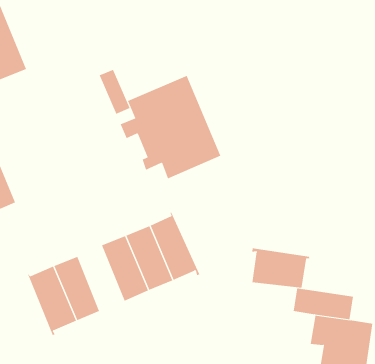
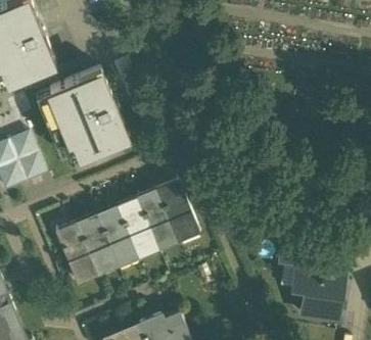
building: [120,75,221,179] -> [43,69,128,156]
building: none -> [98,208,137,263]
building: [252,248,310,289] -> none

